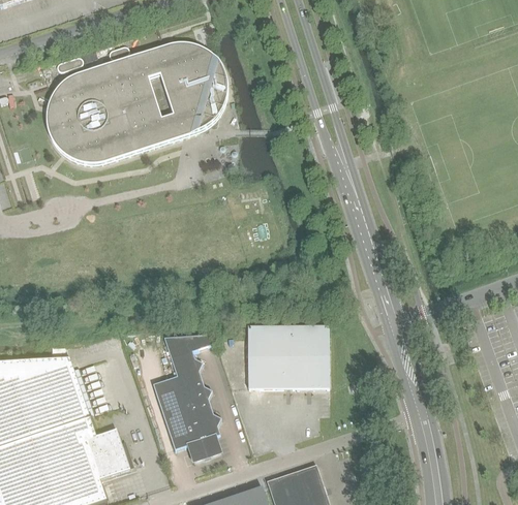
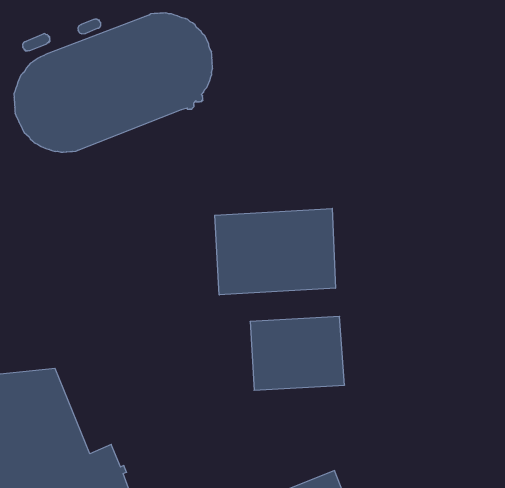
building: none -> [215,208,335,295]
building: [152,335,220,460] -> none

